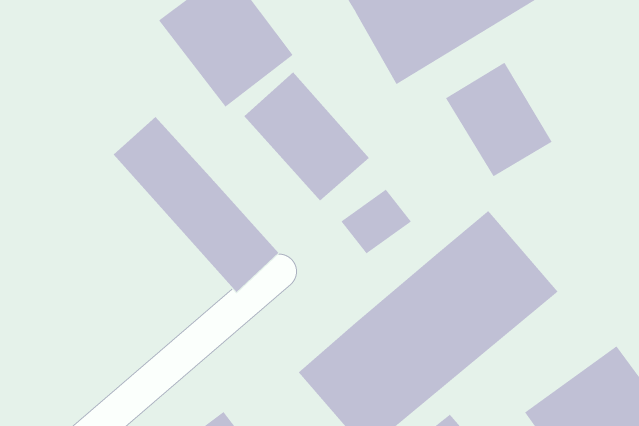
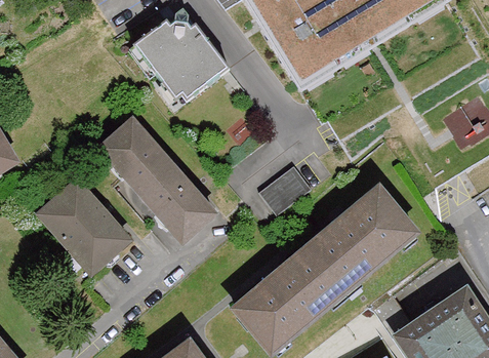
building: [445,62,552,177] -> none
building: [243,71,370,202] -> none
building: none -> [36,174,131,271]

